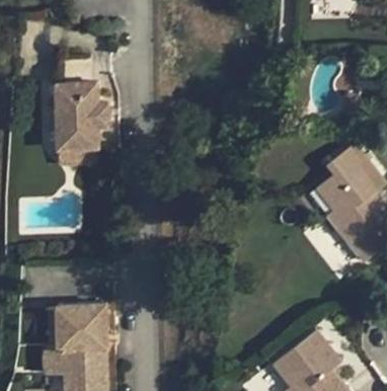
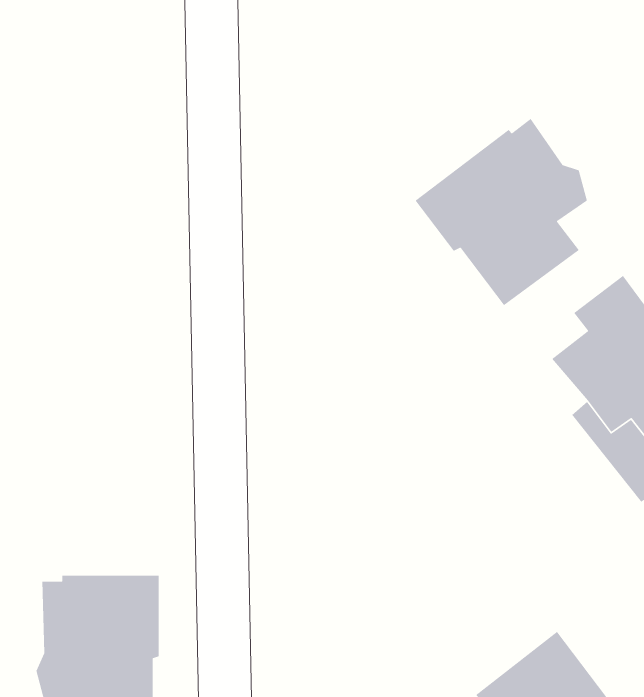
building: [59,55,110,147] -> none
building: none -> [414,118,588,306]

